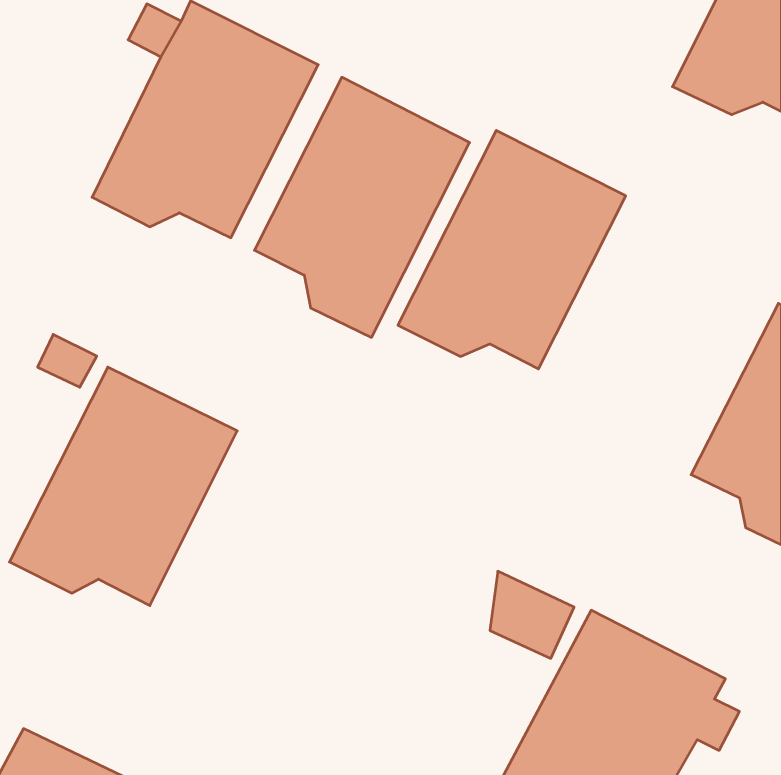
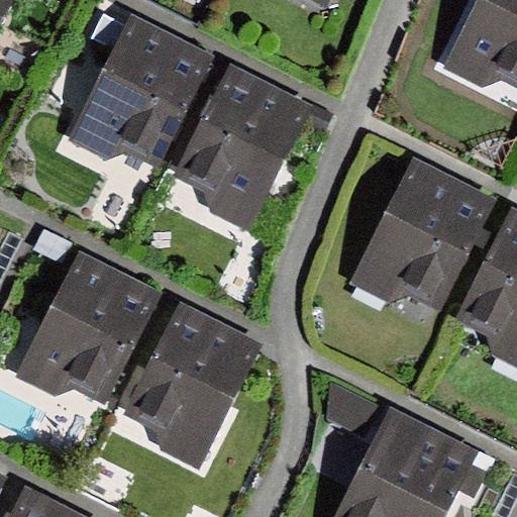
building: [398,130,626,369] -> [348,157,496,311]
building: none -> [122,301,262,471]

